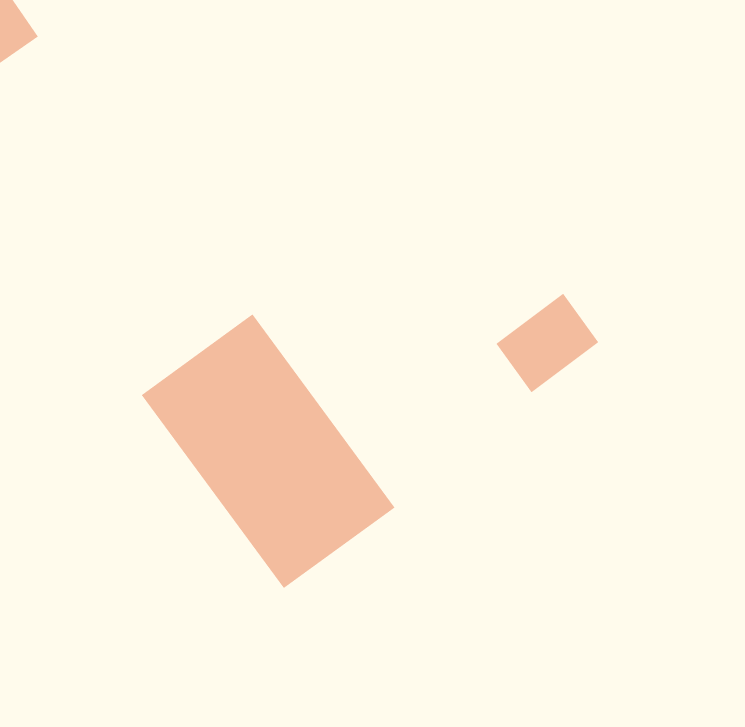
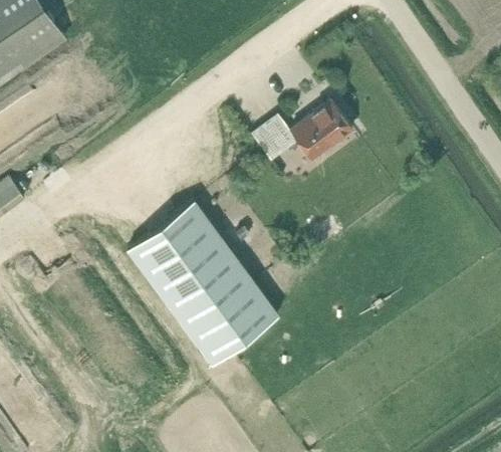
building: none -> [252,126,284,162]
building: [496,293,599,393] -> [290,101,351,161]

